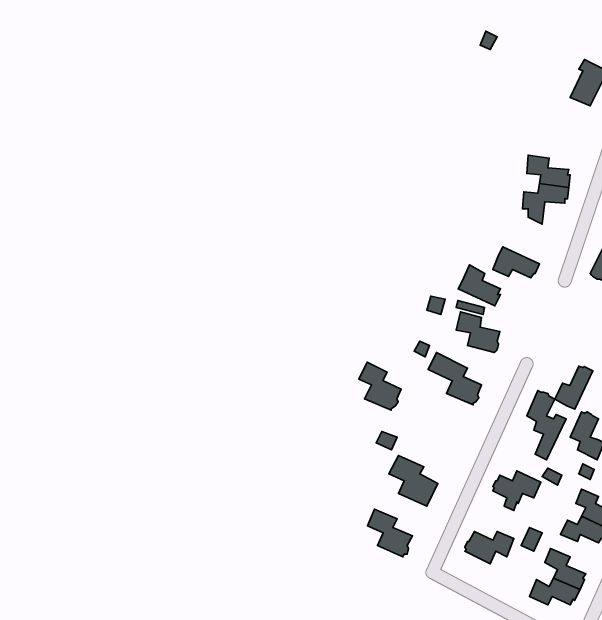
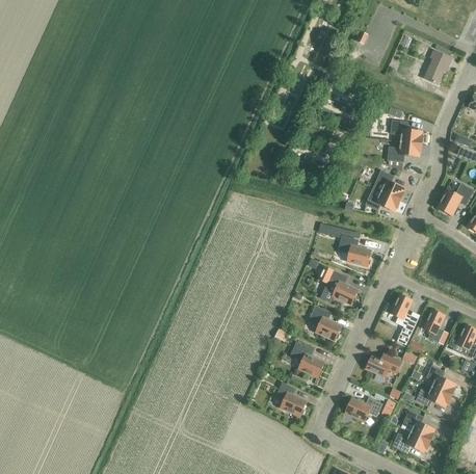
building: [458,265,500,306] -> [373,169,404,200]
building: [359,362,401,410] -> [310,305,341,340]
building: [555,366,593,409] -> none

